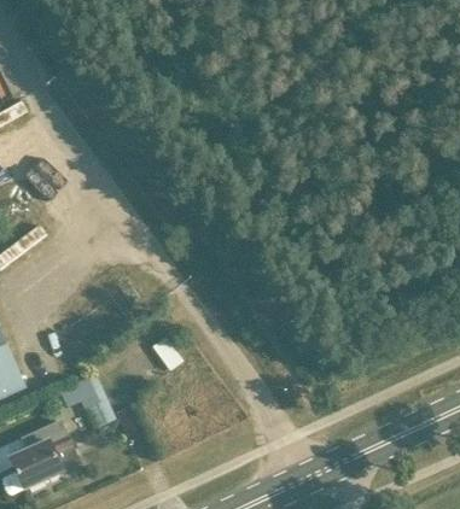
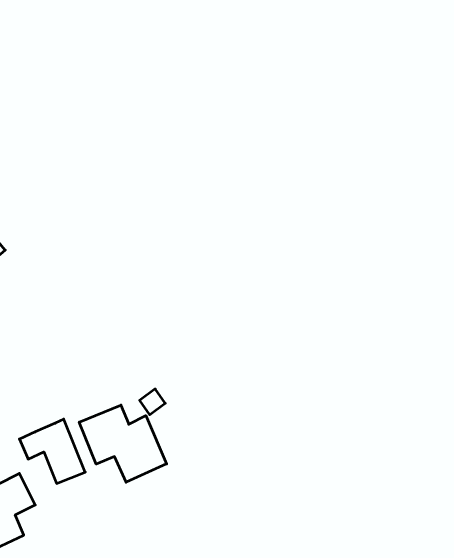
building: none -> [79,405,167,482]

